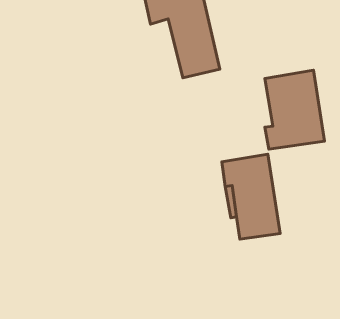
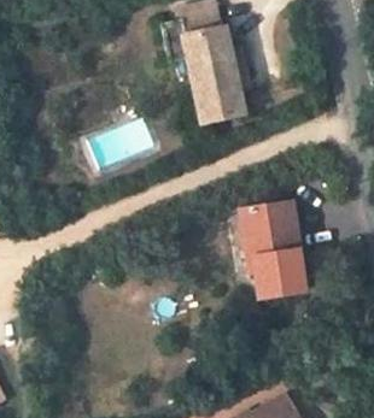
building: [265,70,324,149] -> none

